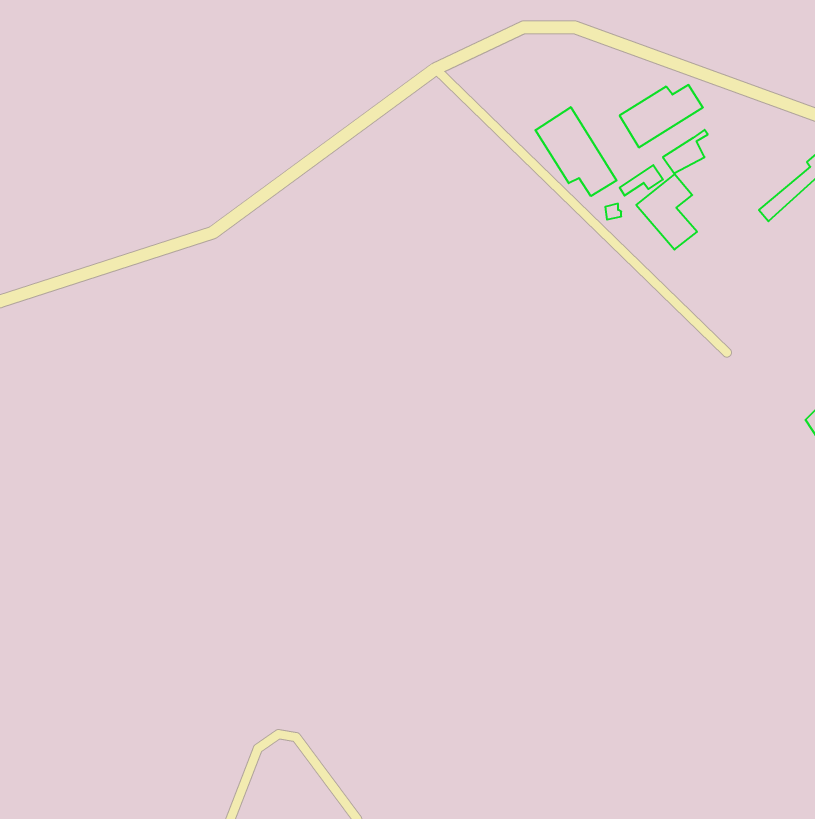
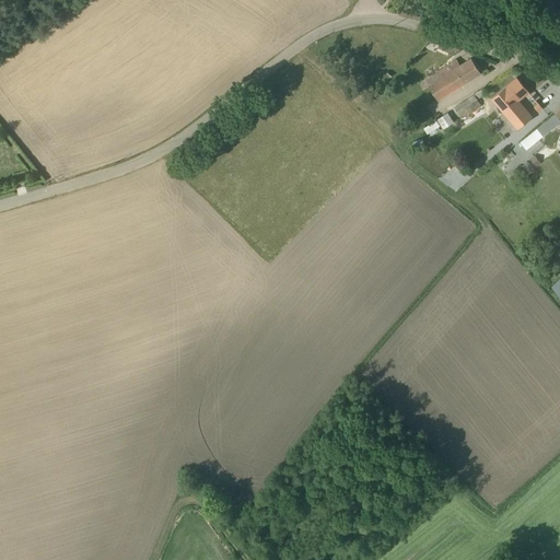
building: [535,107,617,196] -> none
building: [636,174,697,250] -> [492,78,534,129]

